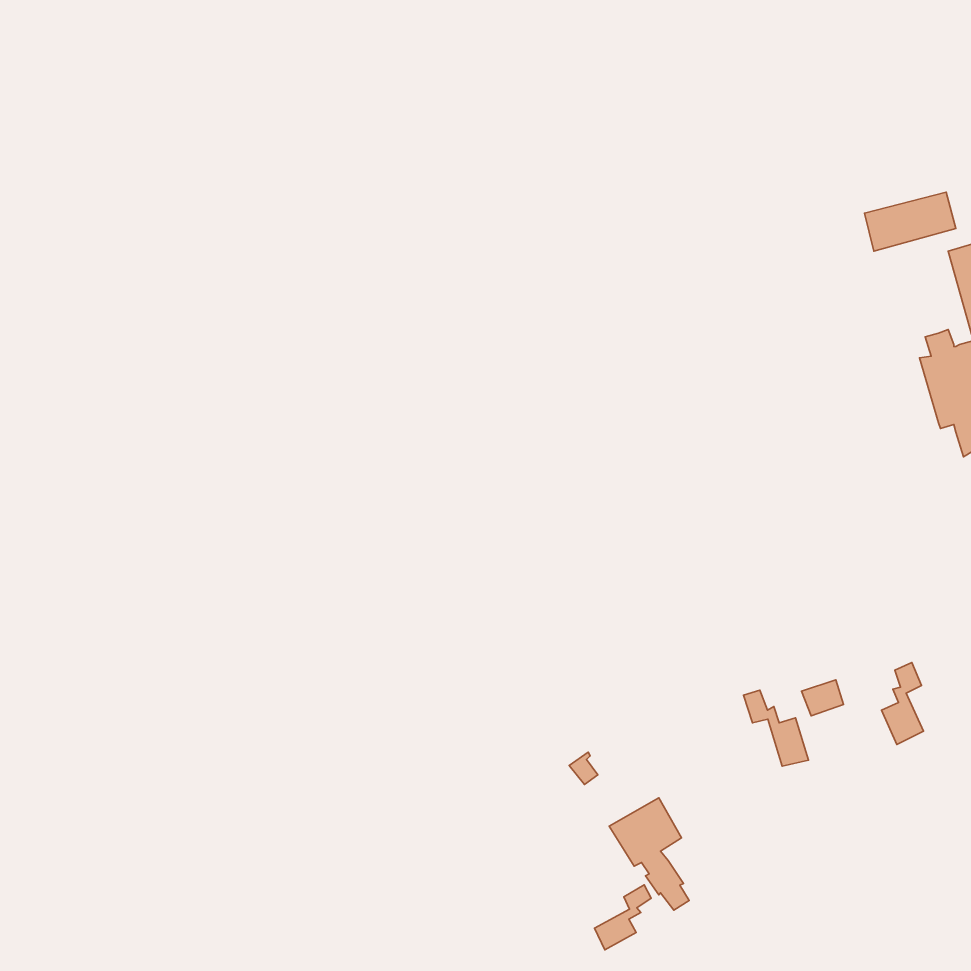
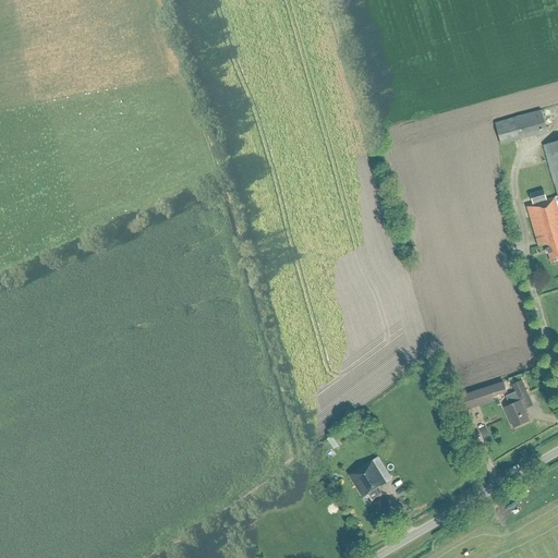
building: [743,690,809,766] -> none
building: [595,885,651,950] -> none

